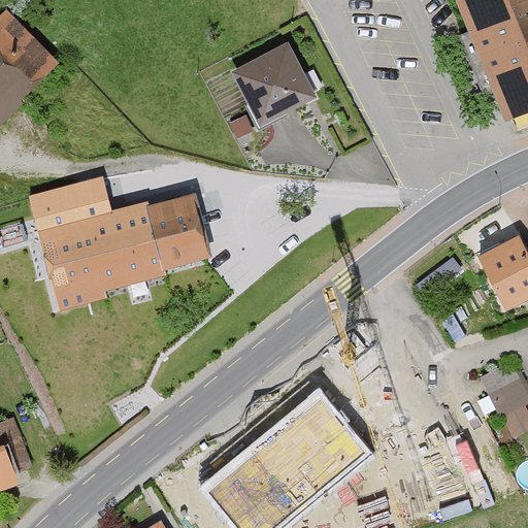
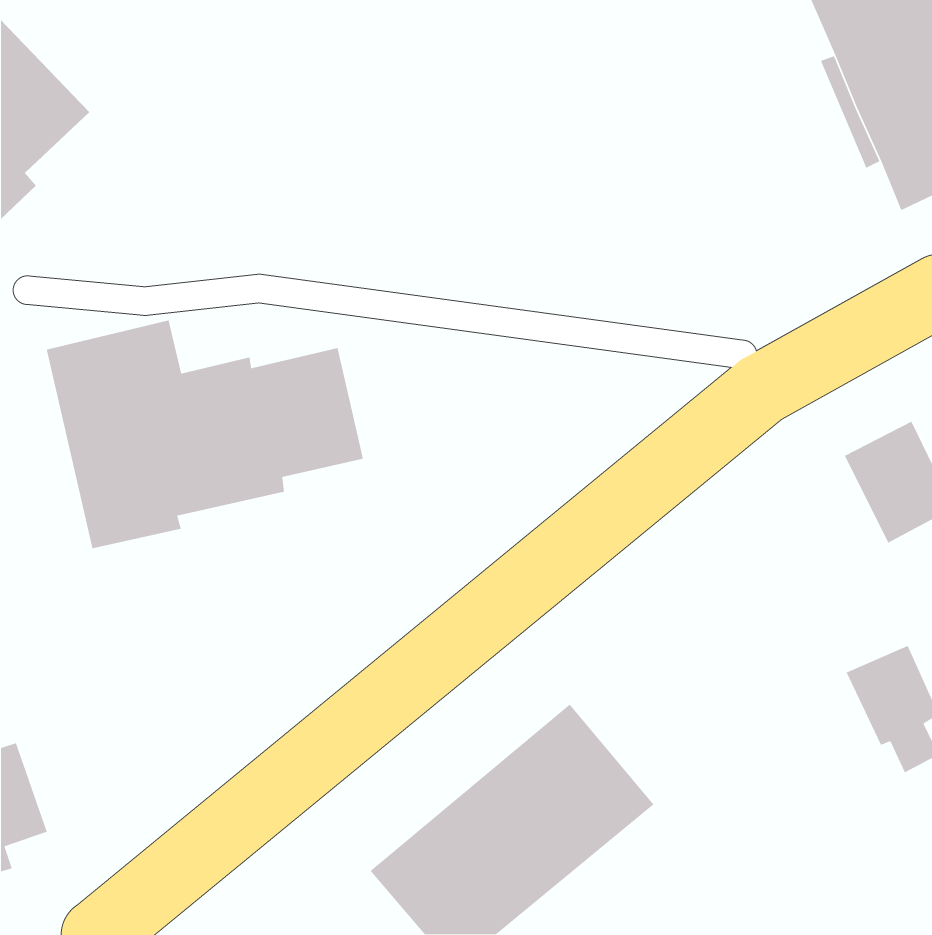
building: [231,43,315,126] -> none

